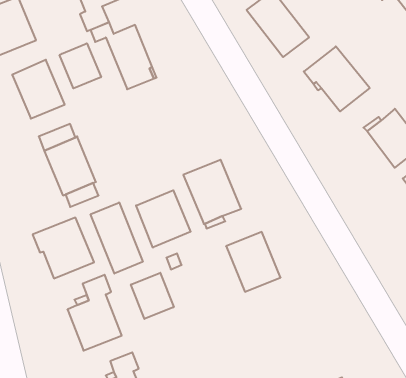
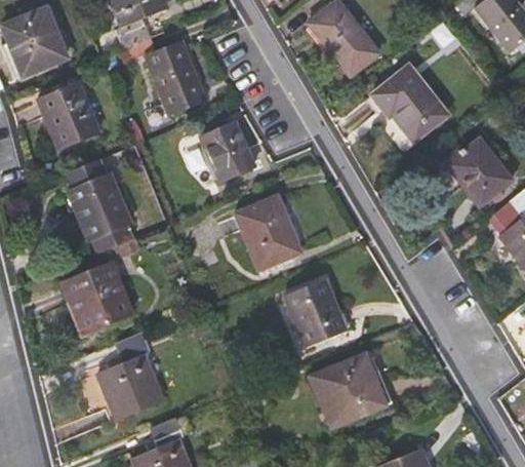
building: [60,43,101,88] -> none
building: none -> [201,121,254,183]
building: [136,190,191,248] -> none
building: [91,202,143,274] -> none
building: [131,273,174,319] -> none
building: none -> [309,358,395,433]

